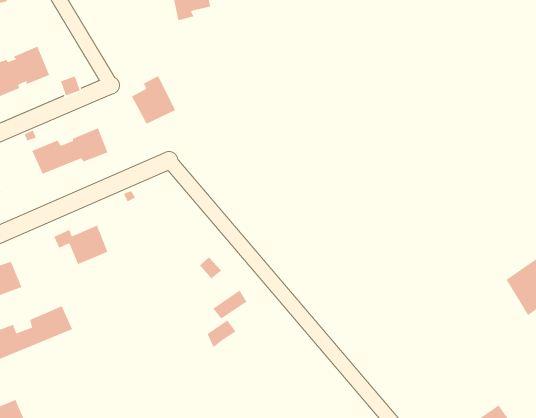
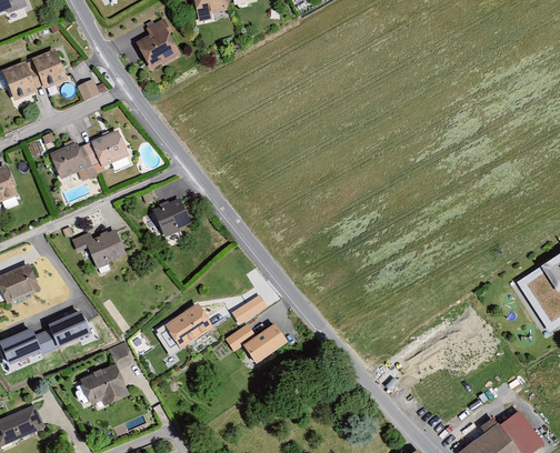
building: [131,75,176,125] -> [134,21,180,71]
building: none -> [152,198,191,238]
building: none -> [166,303,213,348]
building: none -> [242,322,287,362]
building: none -> [79,342,134,404]

